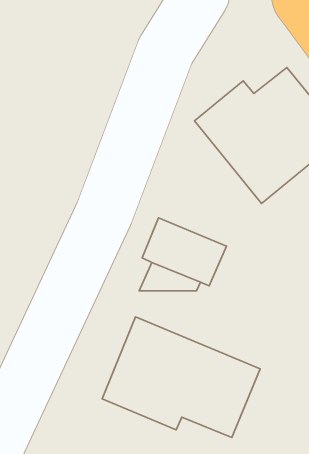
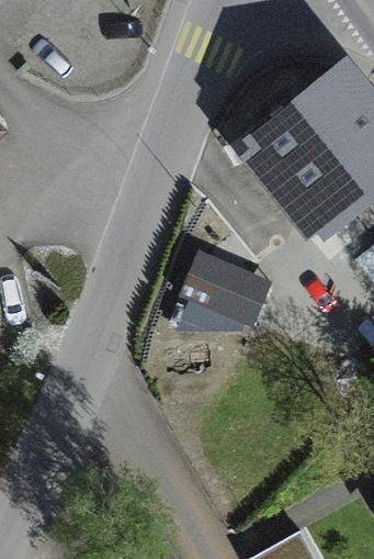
building: [102,317,260,437] -> none

